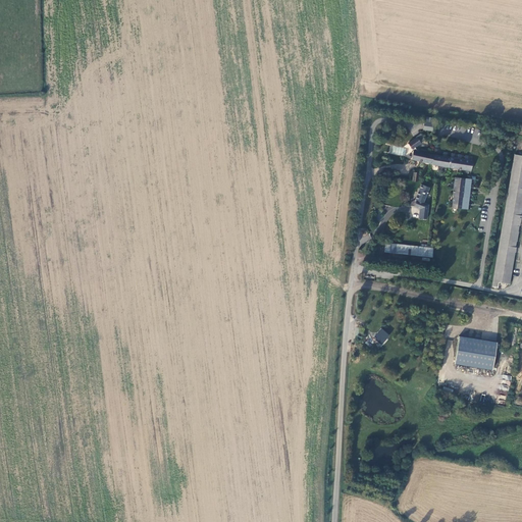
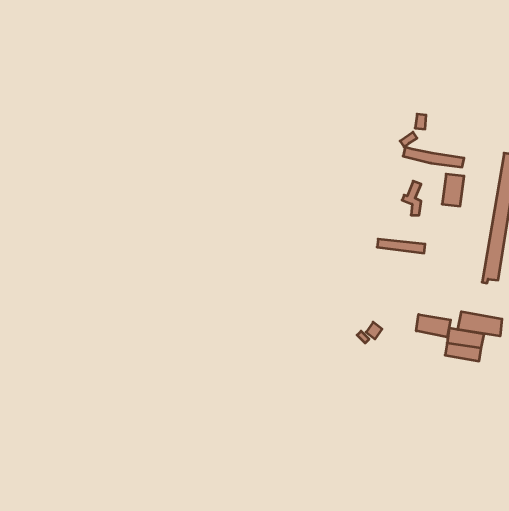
building: none -> [458,312,502,336]
building: none -> [416,314,451,337]

